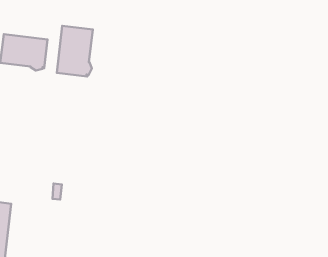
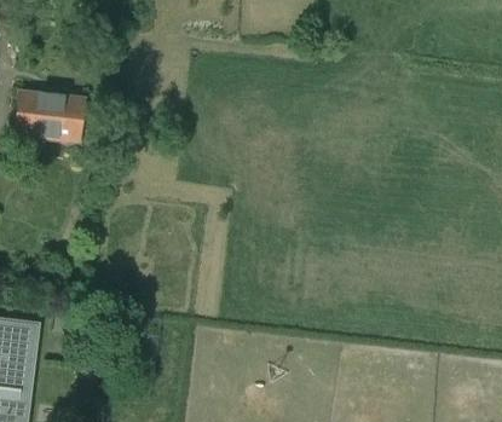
building: [57,26,93,77] -> none

